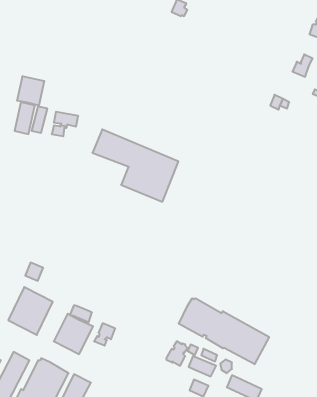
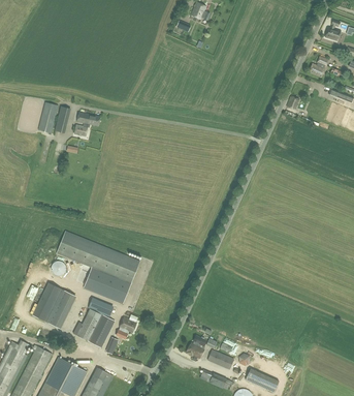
building: [17,76,44,106] -> none
building: [92,129,178,202] -> [55,230,138,300]
building: [179,298,269,364] -> none

